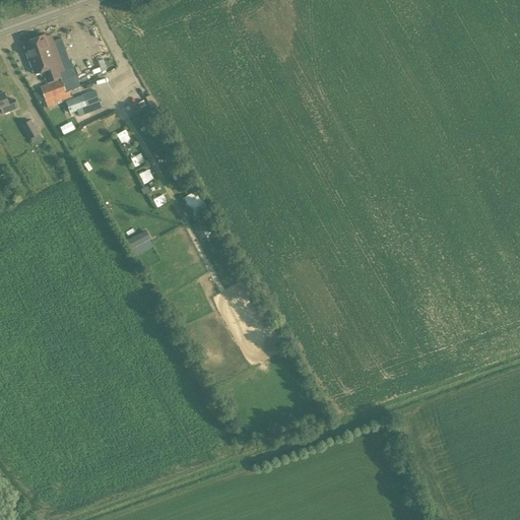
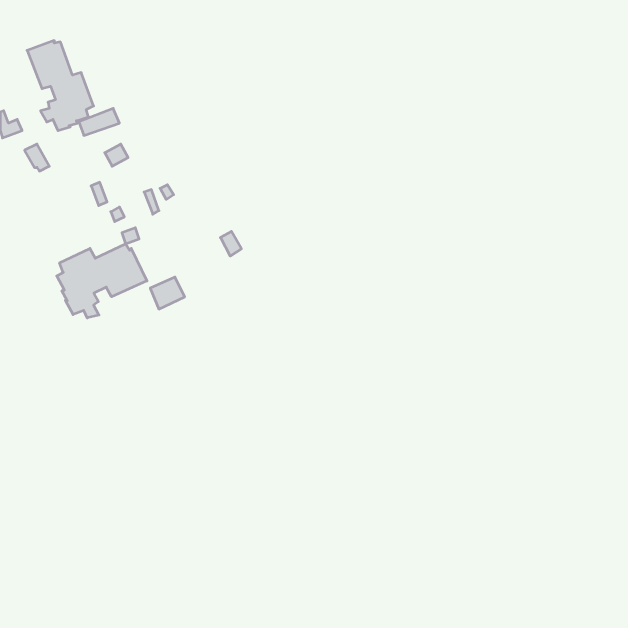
building: none -> [57,244,147,318]

